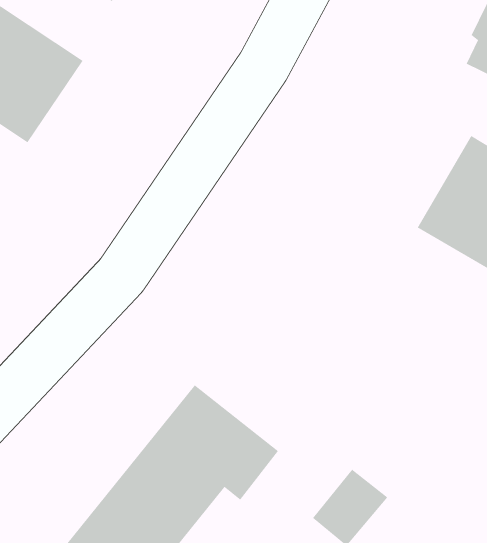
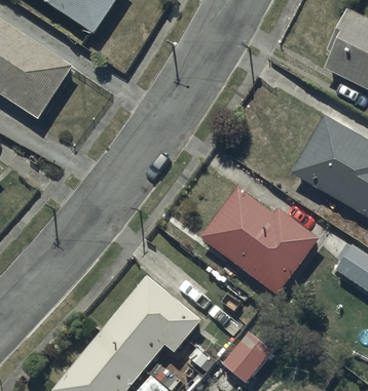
building: none -> [199,187,321,296]

